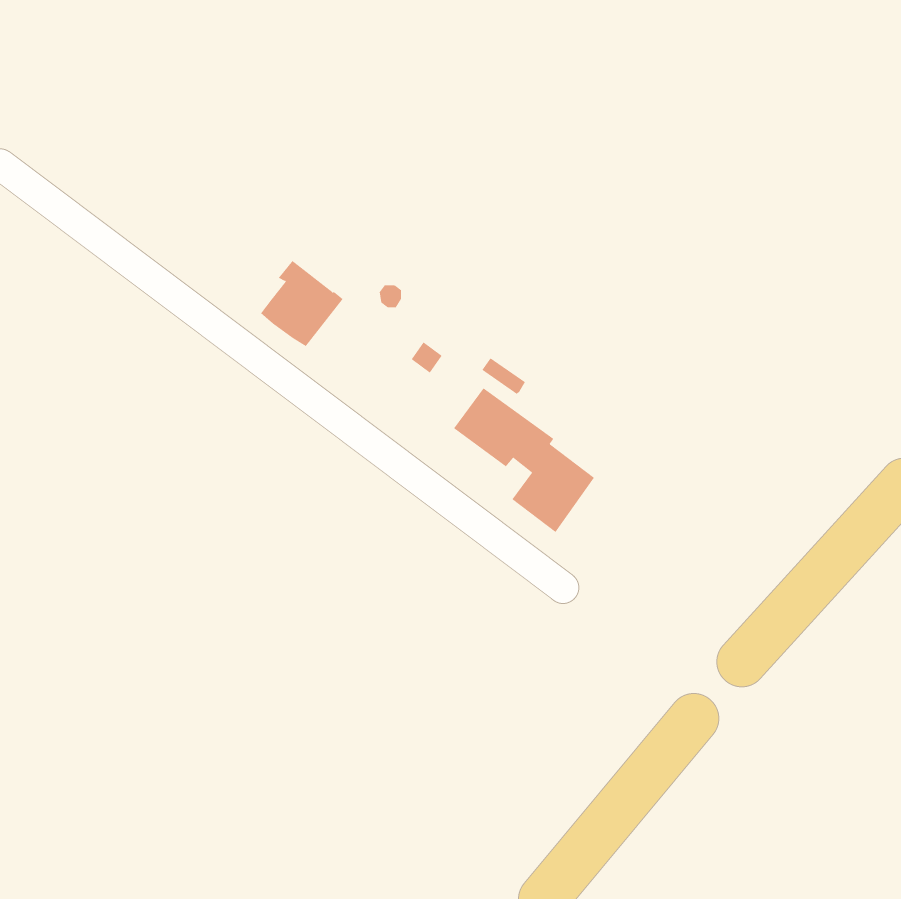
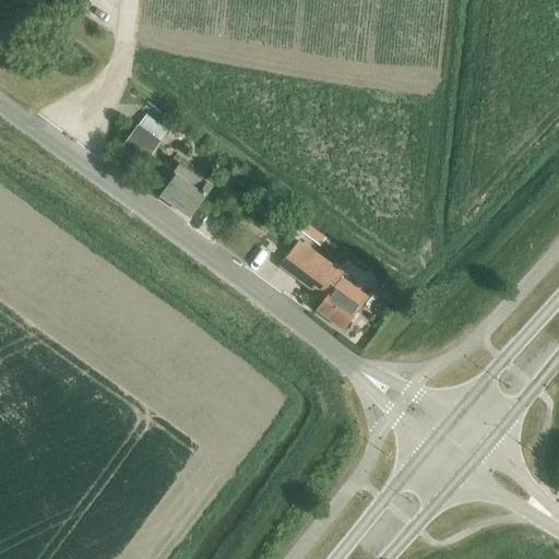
building: none -> [123,123,160,160]

